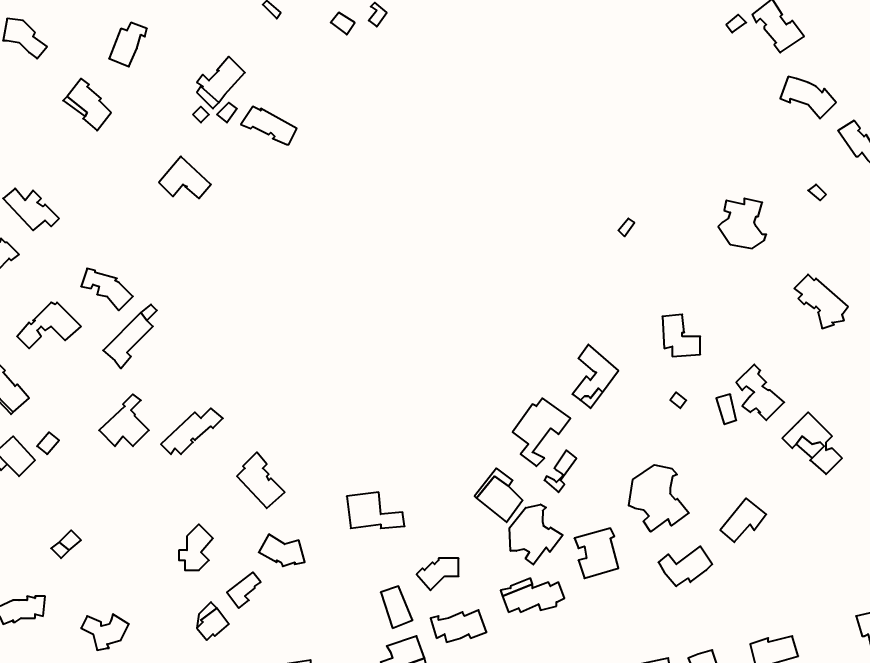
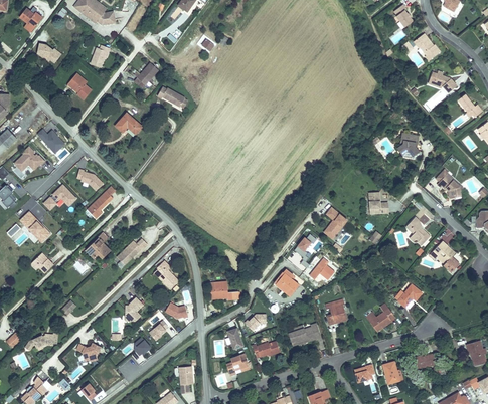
building: [629,465,689,532] -> none
building: [509,504,563,565] -> none

